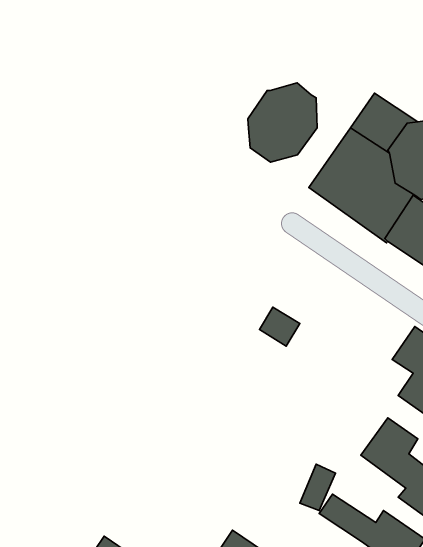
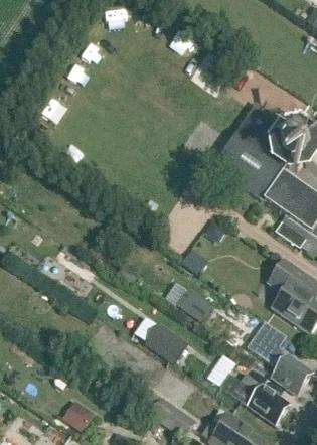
building: [248,83,317,162] -> none
building: none -> [173,286,212,321]
building: none -> [145,323,186,360]

